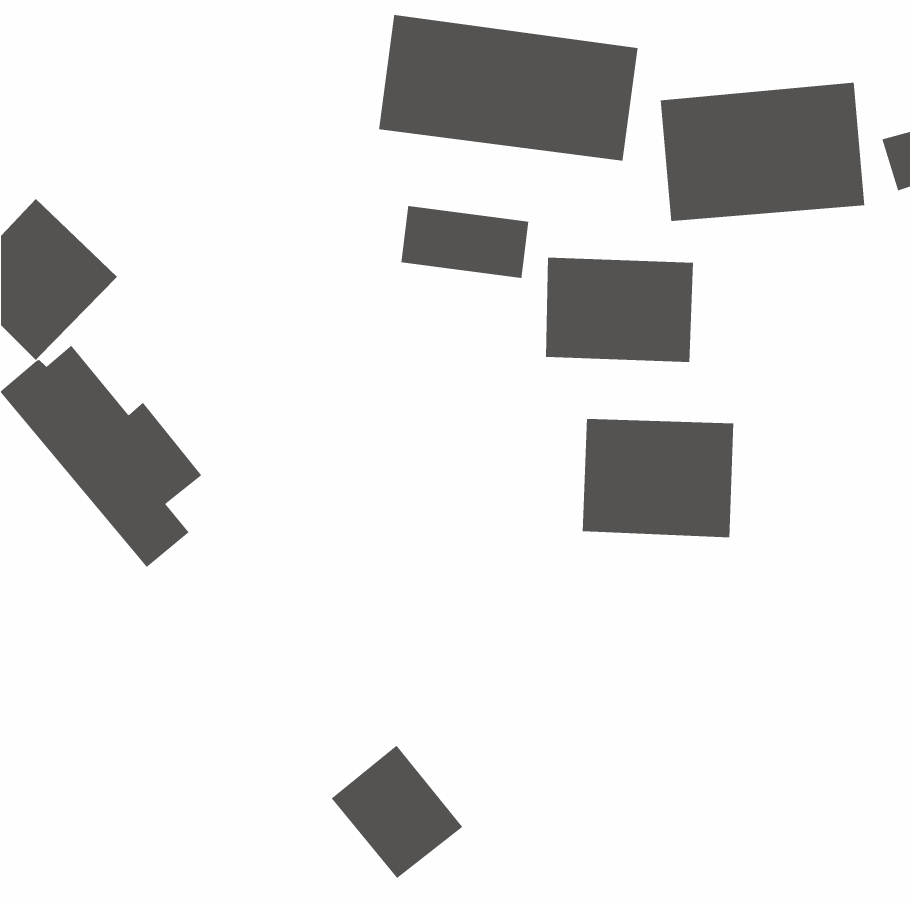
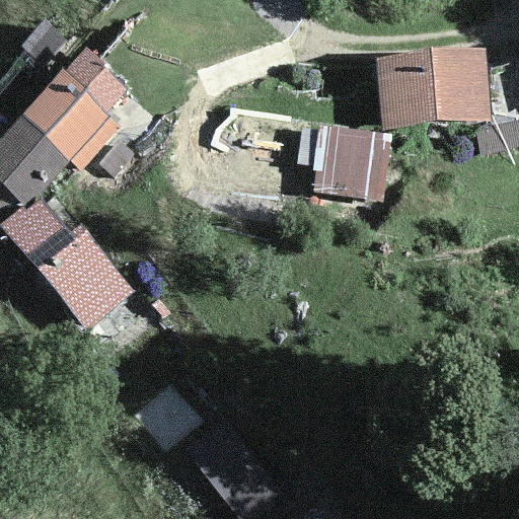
building: [379,14,638,161] -> none
building: none -> [22,47,128,168]
building: [582,418,734,538] -> none

